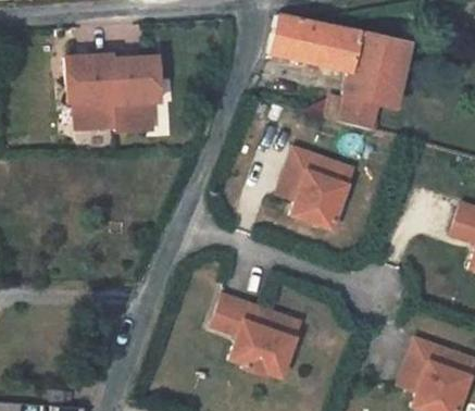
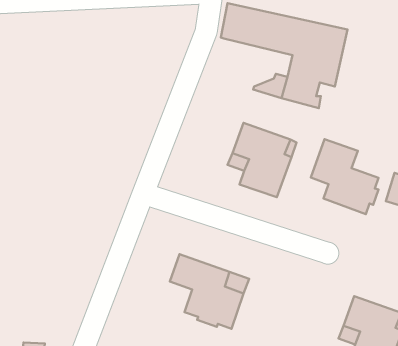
building: [64,57,157,133] -> none
building: none -> [311,139,379,214]

